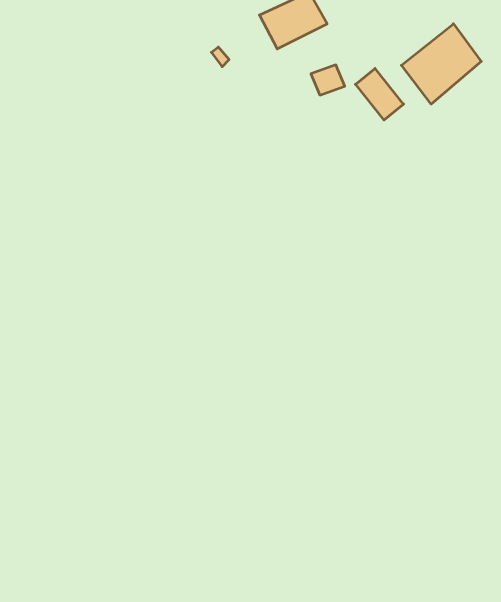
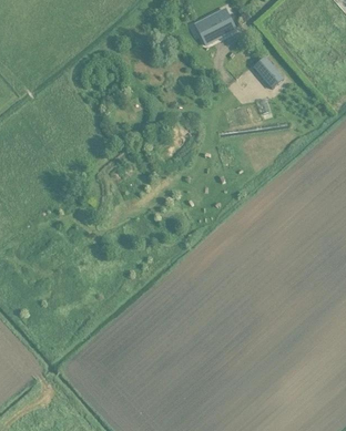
building: [401,24,481,104] -> none

